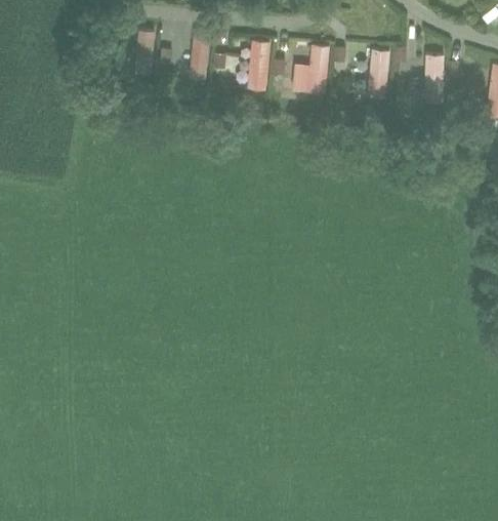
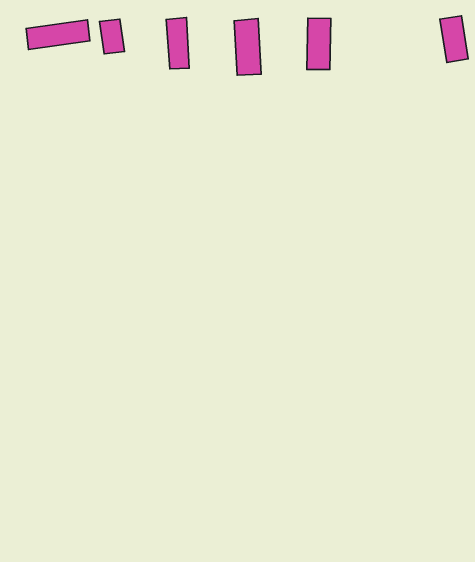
building: none -> [26,20,90,49]
building: [367,51,390,86] -> none

